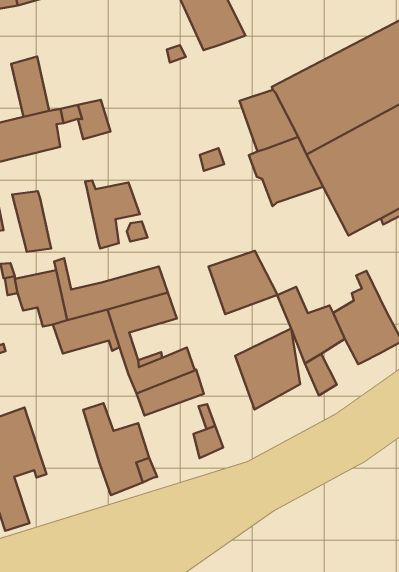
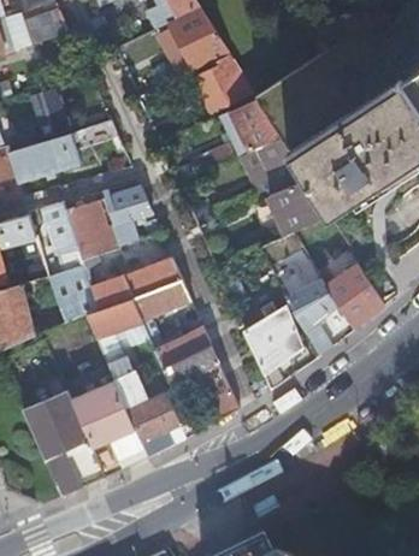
building: none -> [191,53,243,113]
building: none -> [64,197,117,244]
building: [208,251,278,314] -> [267,177,329,233]
building: none -> [70,379,135,450]

